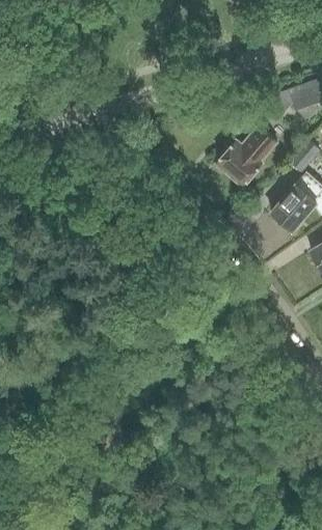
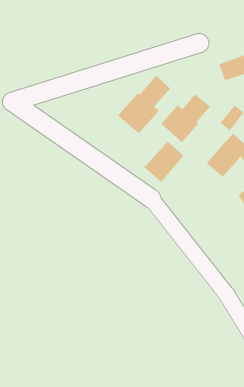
building: none -> [117,75,171,134]
building: none -> [143,141,184,183]

